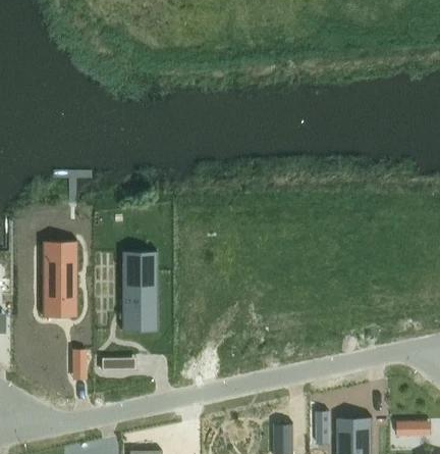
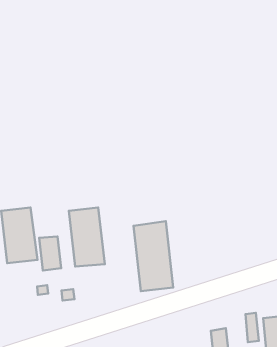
building: none -> [134,221,173,291]
building: none -> [39,237,61,270]

